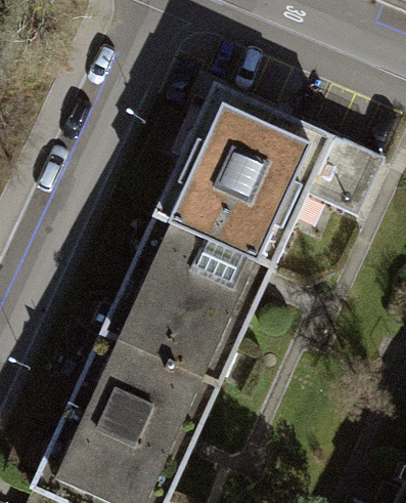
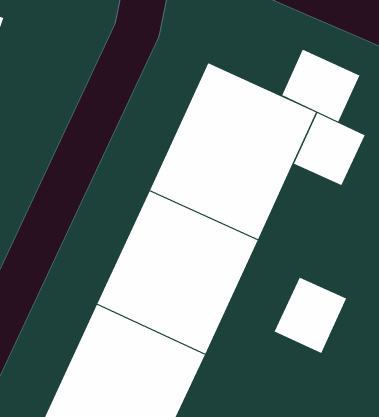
building: none -> [281,49,360,122]
building: none -> [274,277,347,354]

